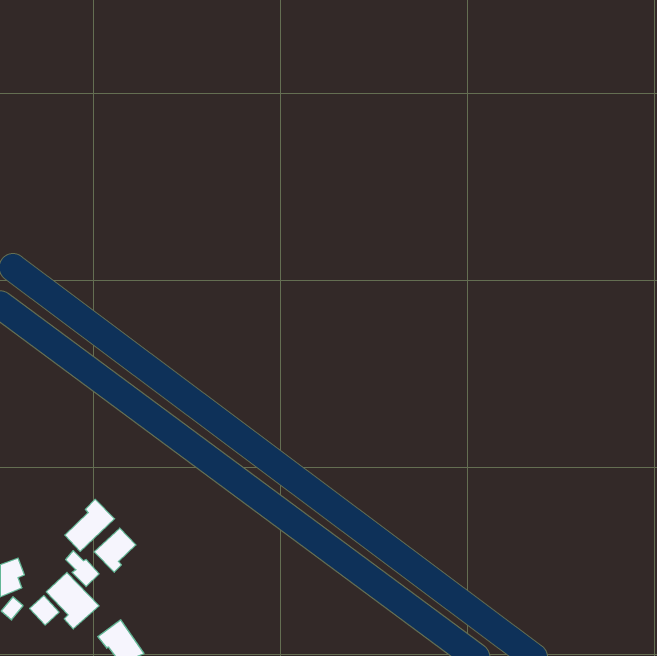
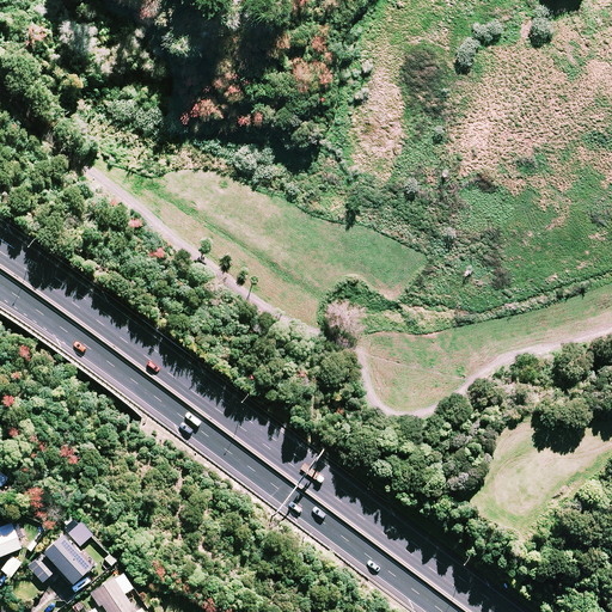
building: [65,499,115,551] -> none
building: [94,528,136,572] -> none

